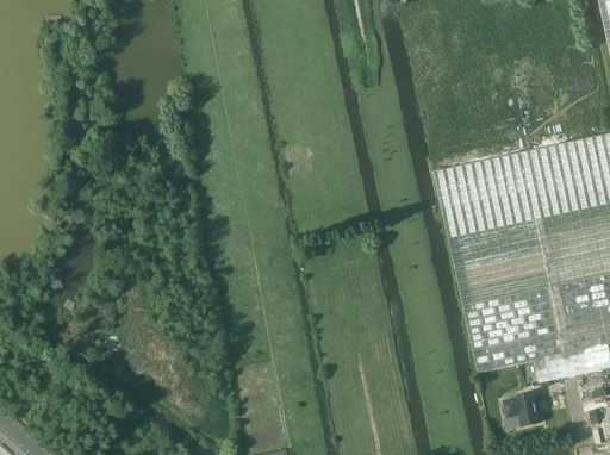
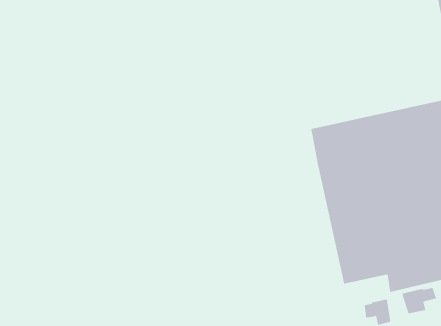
building: none -> [402,287,437,314]

